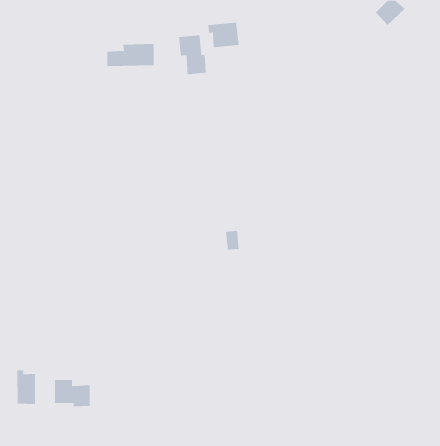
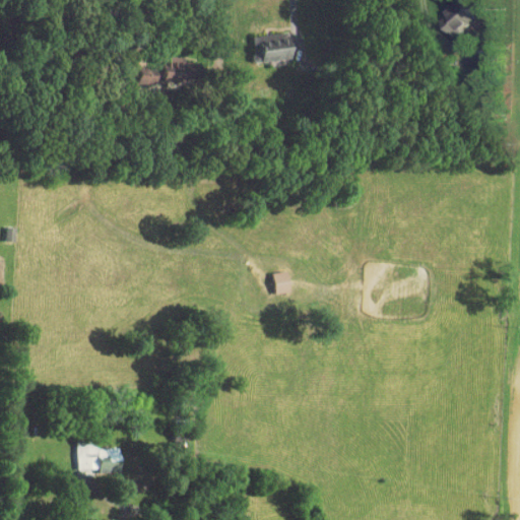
building: [178,34,206,75] -> none
building: [17,369,36,405] -> none

